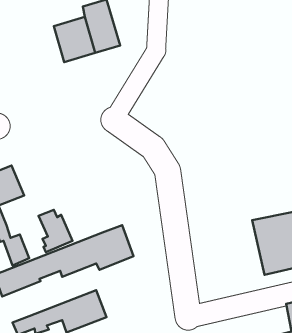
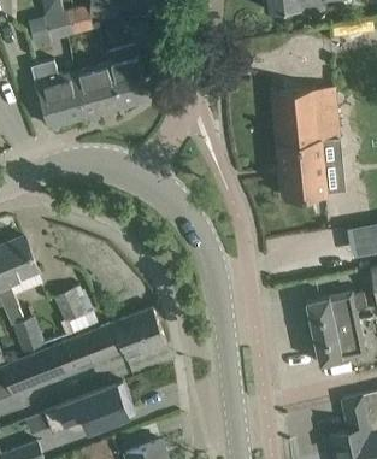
building: none -> [29,61,84,129]
building: none -> [271,88,344,199]

